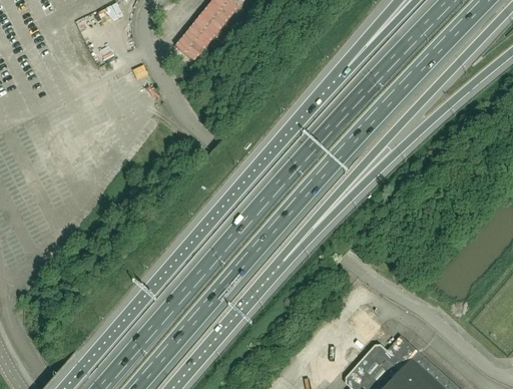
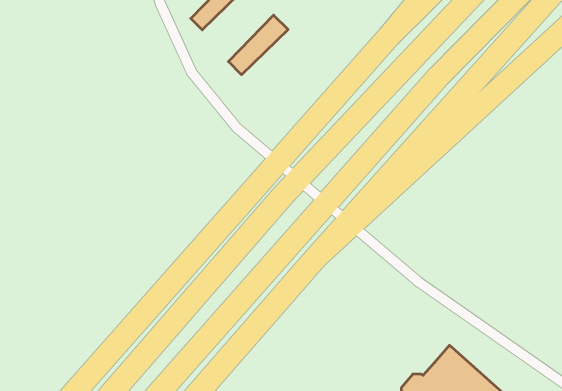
building: none -> [228,15,288,75]

